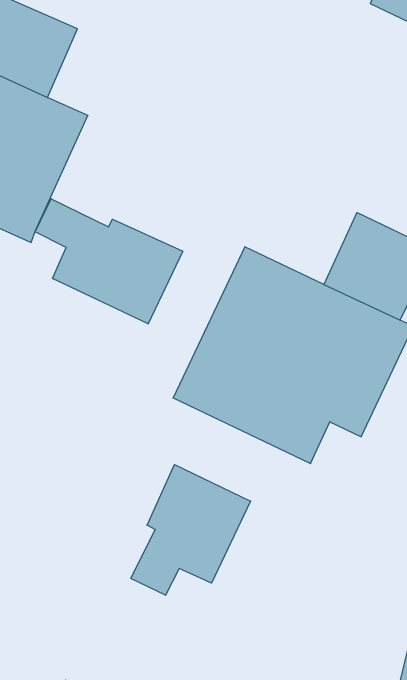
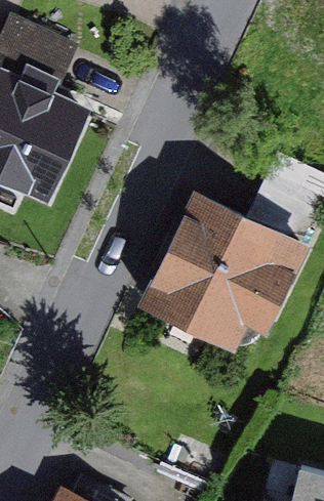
building: [35,199,183,324] -> none
building: [131,465,251,595] -> none

